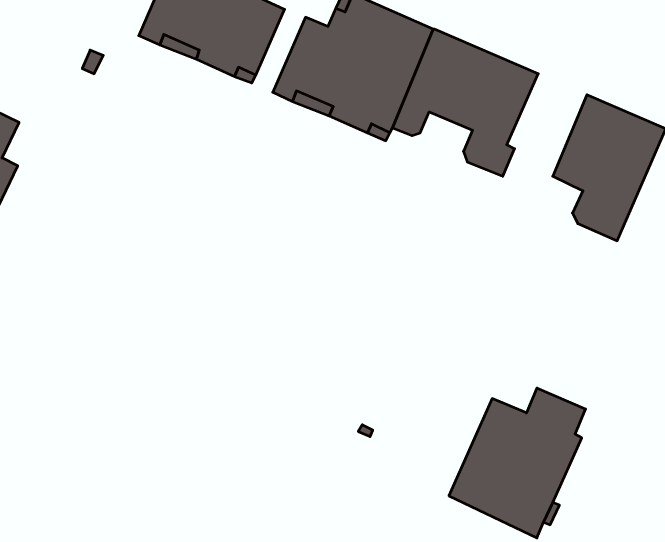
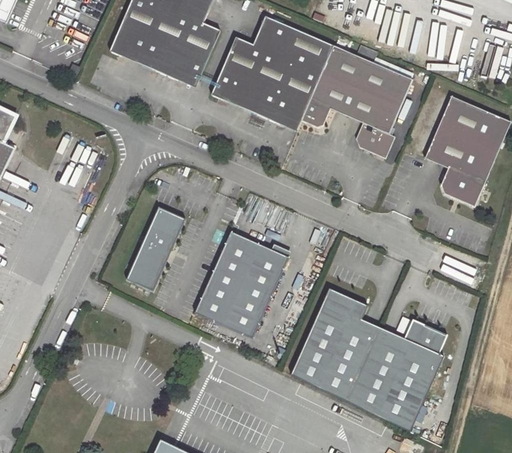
building: none -> [128,206,186,289]
building: none -> [195,230,289,336]
building: none -> [290,287,378,400]

